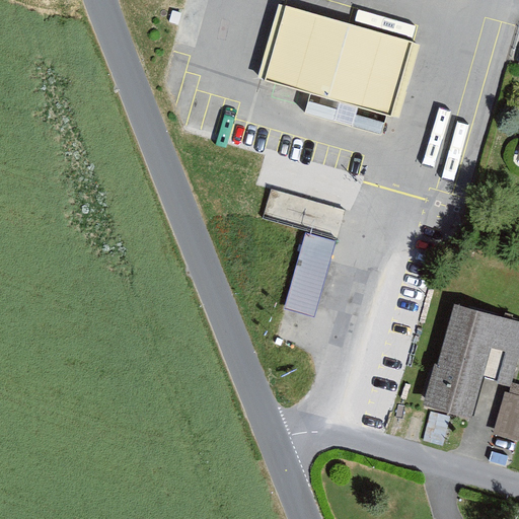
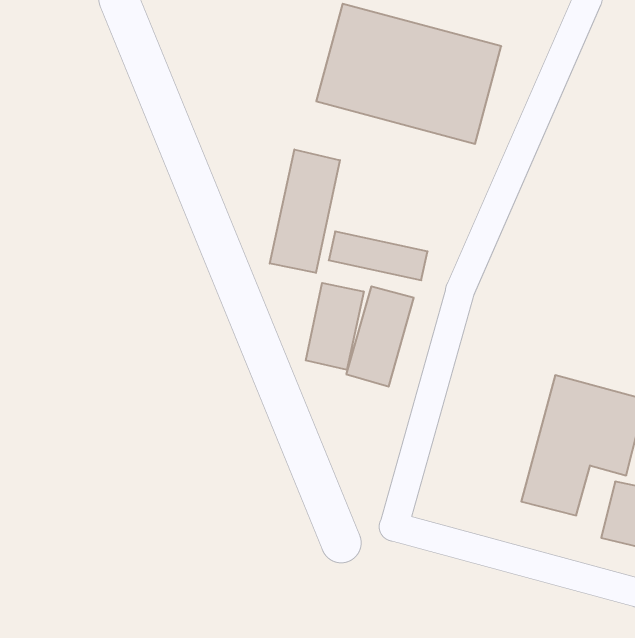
building: none -> [270,149,340,273]
building: none -> [306,283,364,370]

